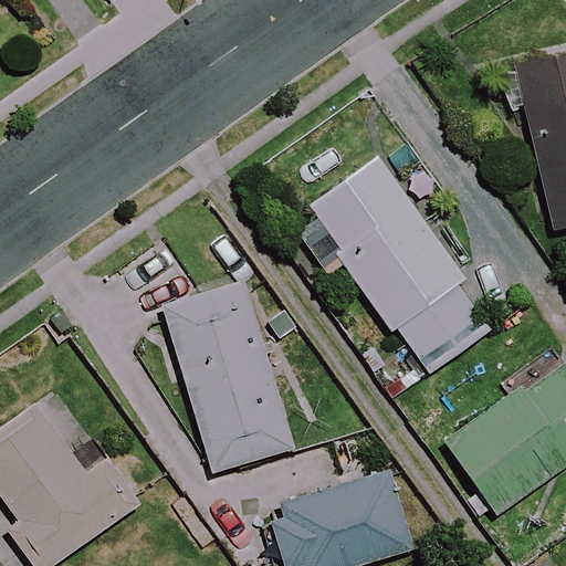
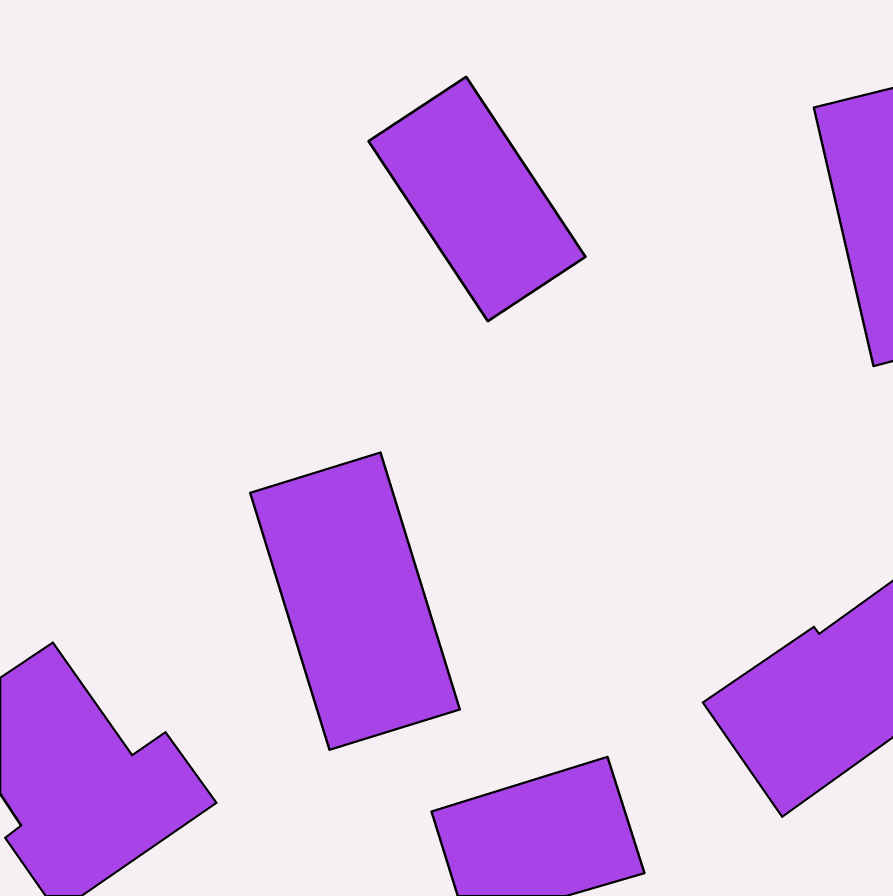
building: none -> [369,77,585,321]
building: [310,157,496,373] -> none

